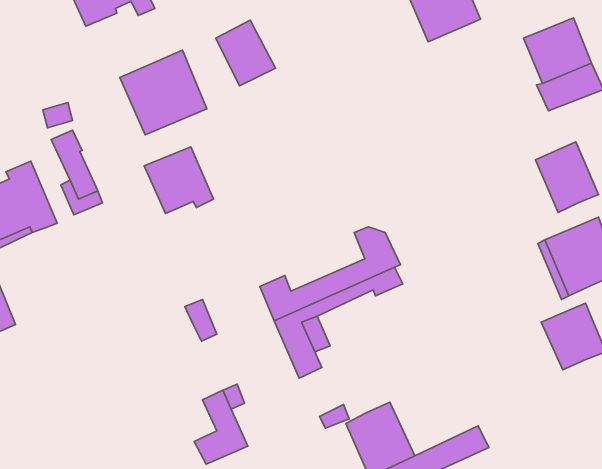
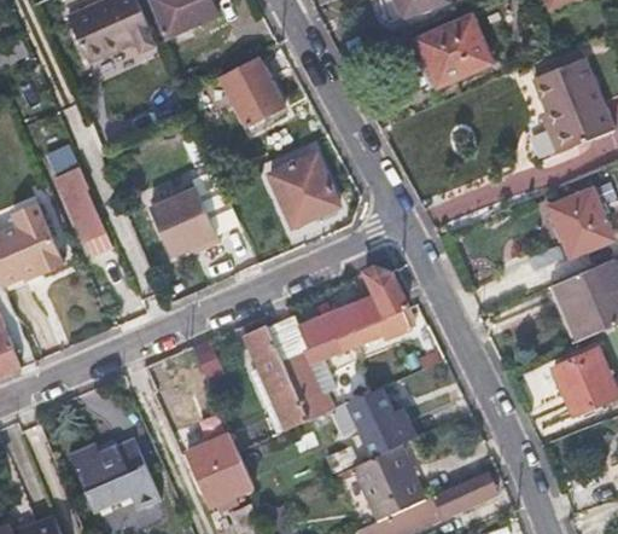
building: [120,50,207,135] -> none
building: none -> [270,153,342,226]
building: none -> [244,329,307,434]
building: none -> [350,387,414,457]
building: none -> [66,439,154,505]

